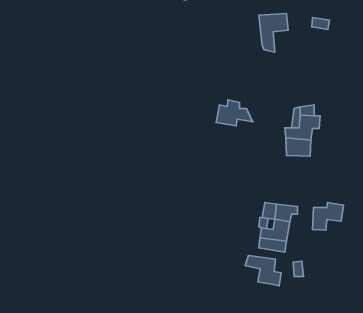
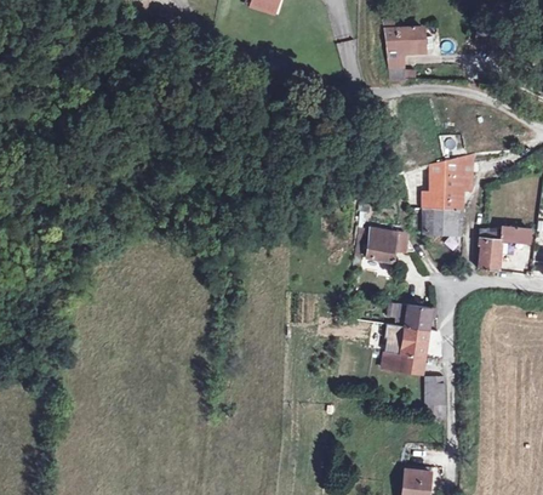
building: [216,100,253,126] -> [362,221,416,258]
building: [313,203,344,230] -> [478,233,522,273]
building: [245,256,281,286] -> none

